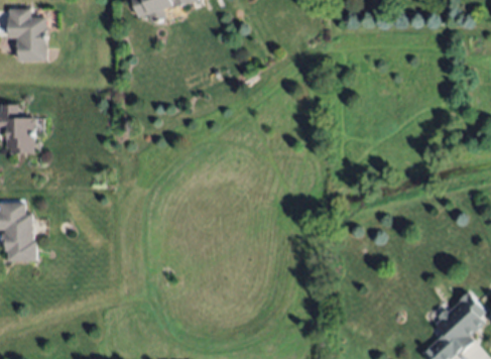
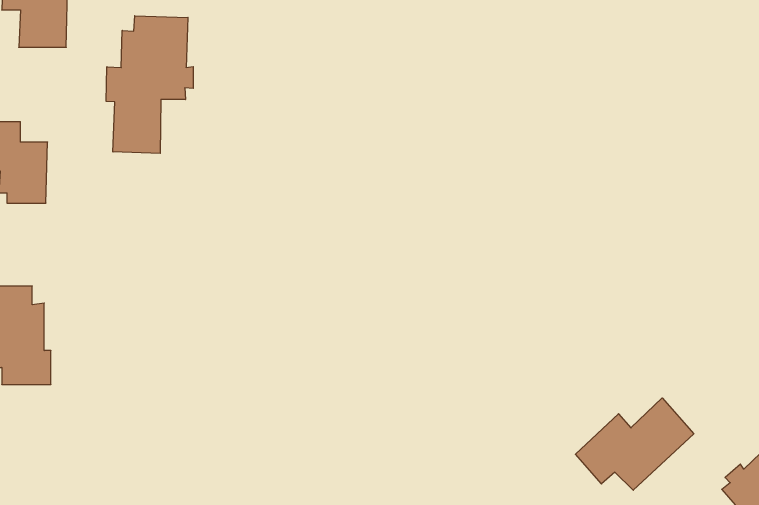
building: none -> [106,16,193,153]
building: none -> [575,398,694,490]

